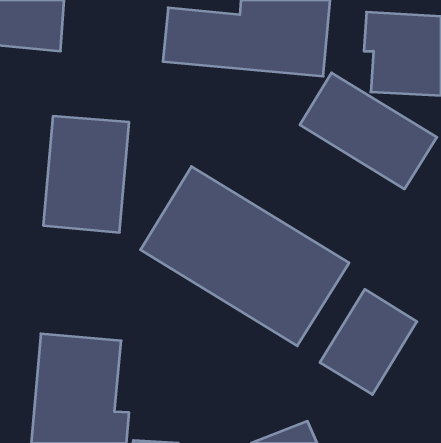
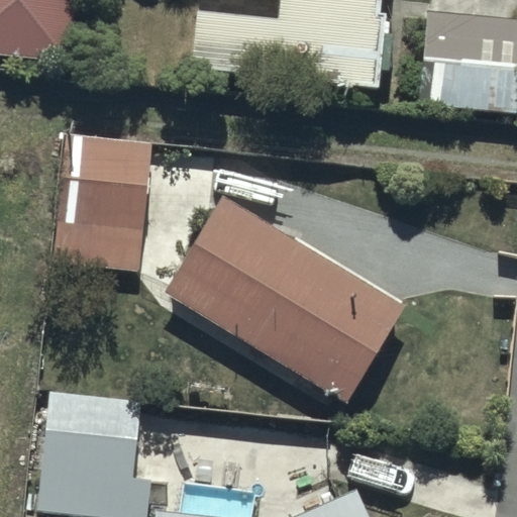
building: [300,73,437,189] -> none
building: [320,289,417,395] -> none

